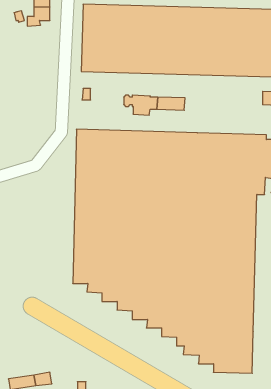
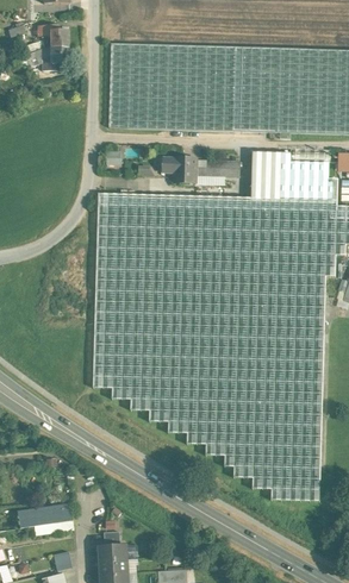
building: none -> [253,157,339,206]

